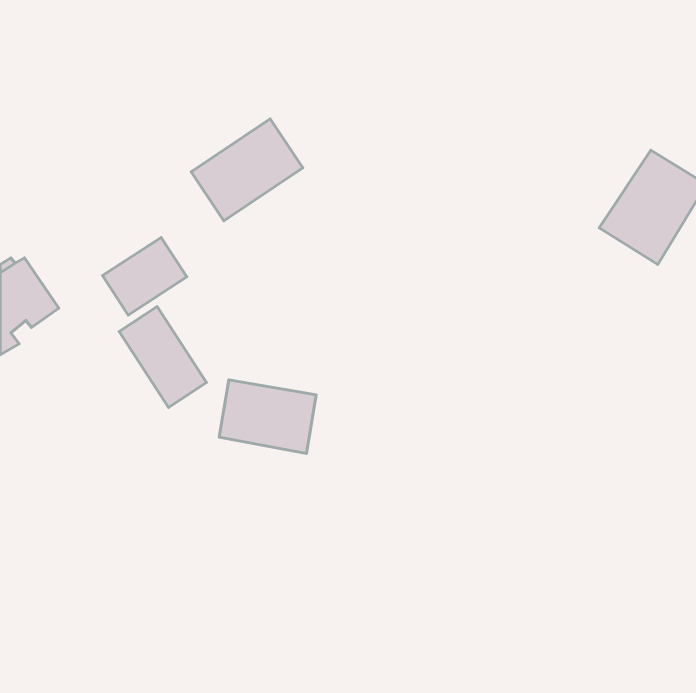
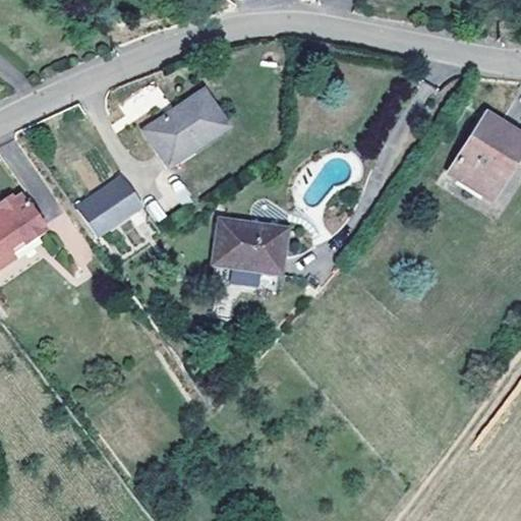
building: [119,306,207,407] -> none
building: [219,380,316,454] -> [213,218,285,273]

